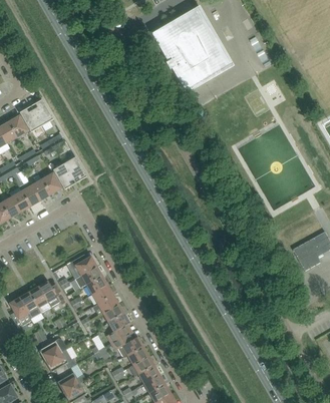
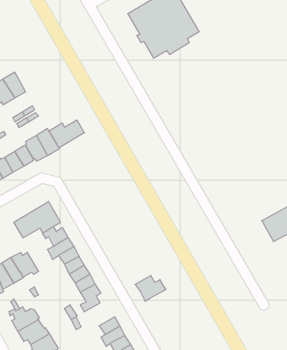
building: none -> [49,120,84,148]
building: none -> [14,201,60,238]
building: [112,333,143,359] -> [135,275,166,301]

